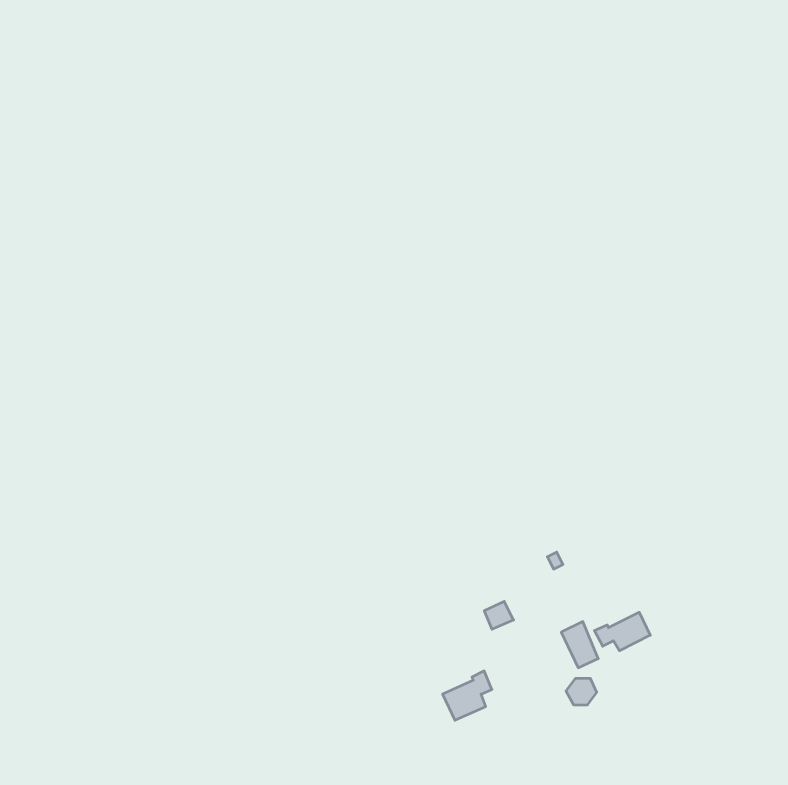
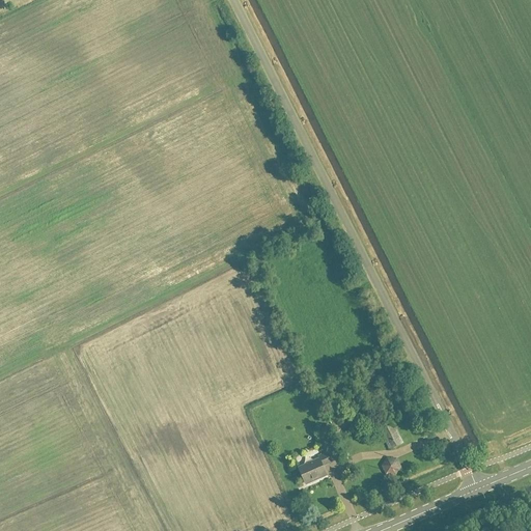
building: [594,612,650,651] -> none

